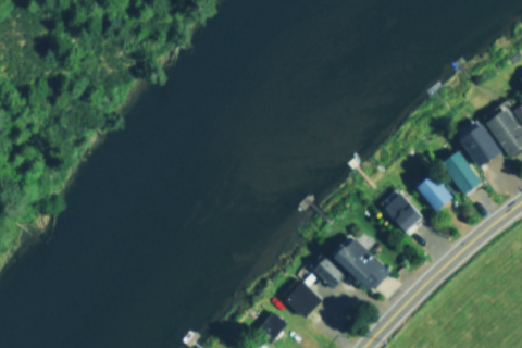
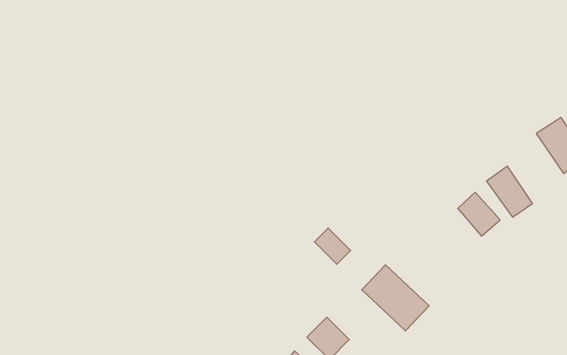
building: [458,121,501,166] -> none
building: [385,192,422,232] -> none
building: [314,256,346,287] -> [314,228,351,264]

